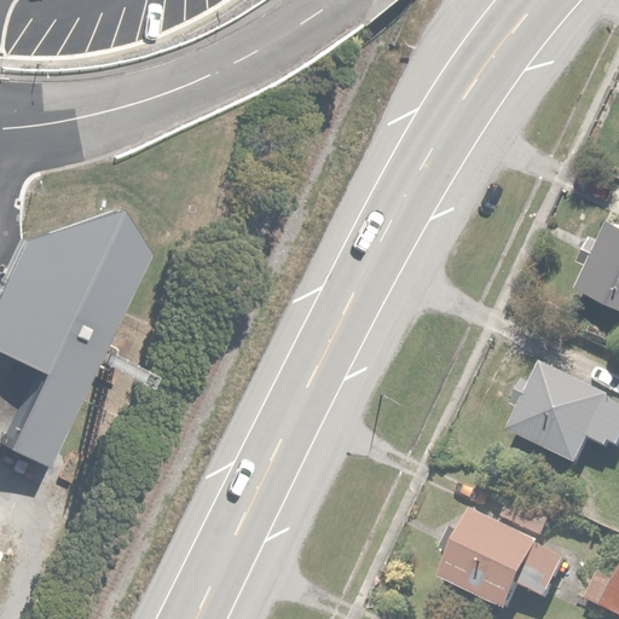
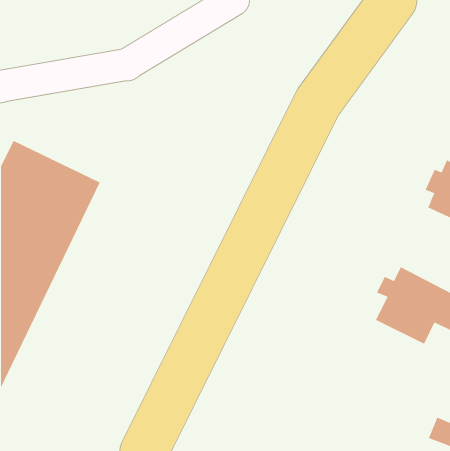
building: [442,488,574,611] -> none

